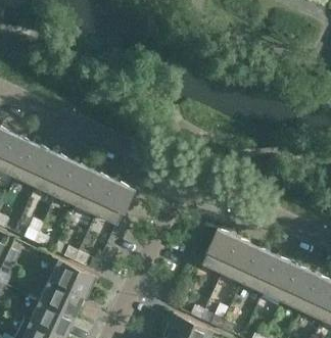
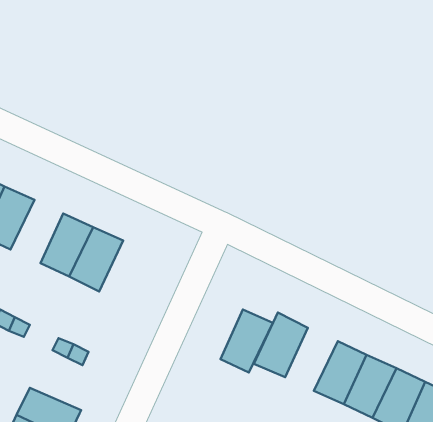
building: [36,153,72,196] -> none
building: [96,181,133,225] -> none
building: [223,240,258,283] -> [220,309,273,373]
building: [49,259,97,299] -> none

